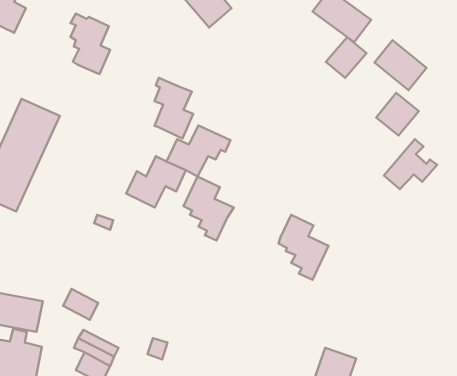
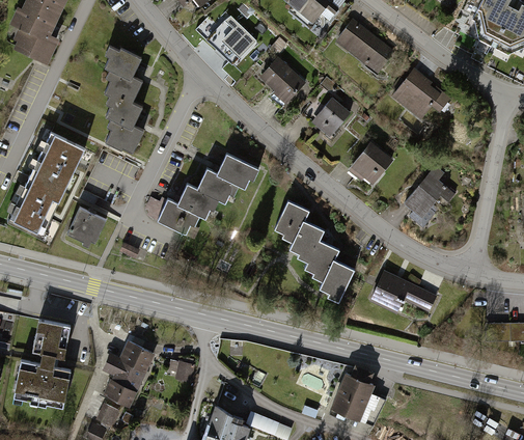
building: none -> [258,57,303,102]
building: [326,37,366,78] -> [311,99,351,138]
building: [155,78,193,138] -> [103,94,140,154]
building: [376,93,419,136] -> [351,142,392,184]
building: [184,176,234,240] -> [273,200,322,263]
building: none -> [66,205,107,245]
building: none -> [369,269,436,310]
building: [63,289,98,320] -> [121,340,156,370]

